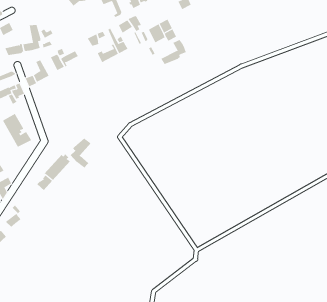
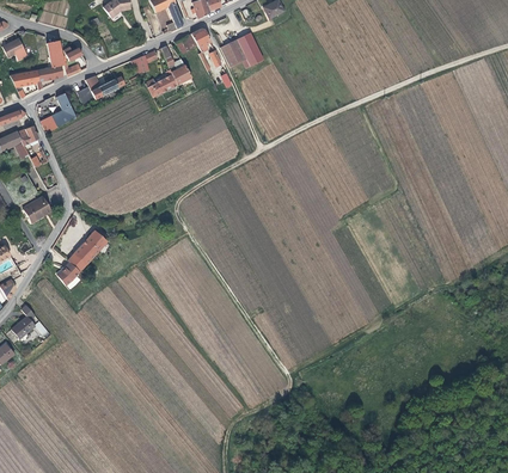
building: [161,39,186,65] -> none
building: [70,137,92,169] -> none

